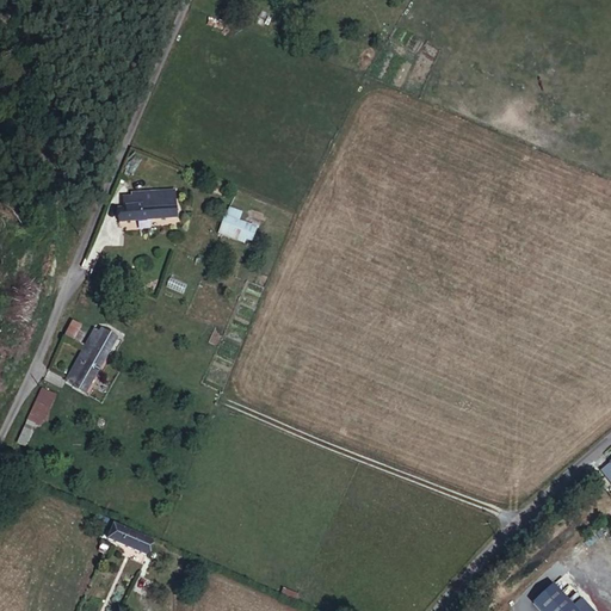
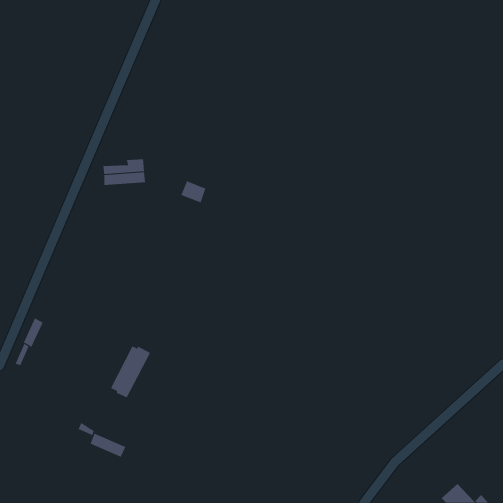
building: [67,328,116,391] -> [110,346,151,398]

